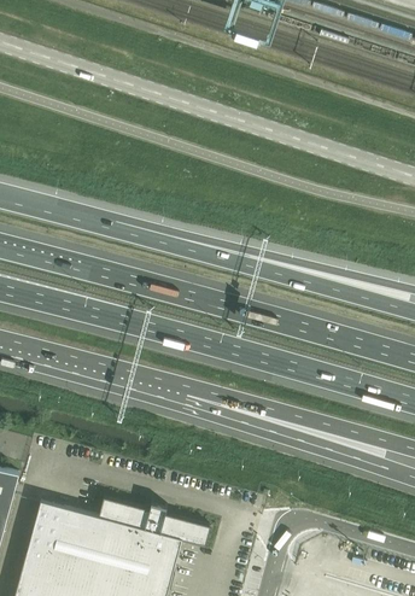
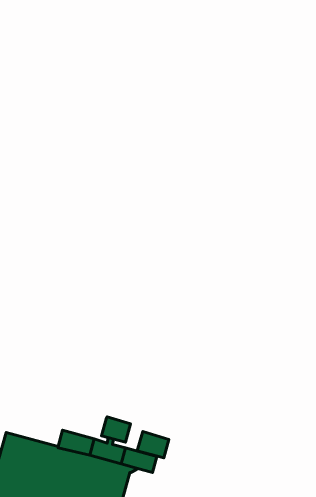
building: none -> [102,417,130,442]
building: none -> [137,432,169,458]

